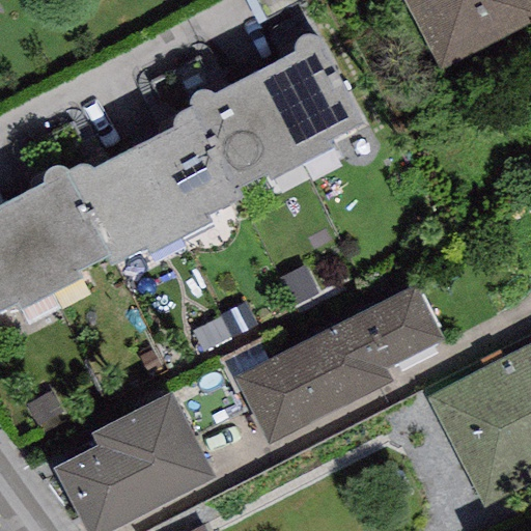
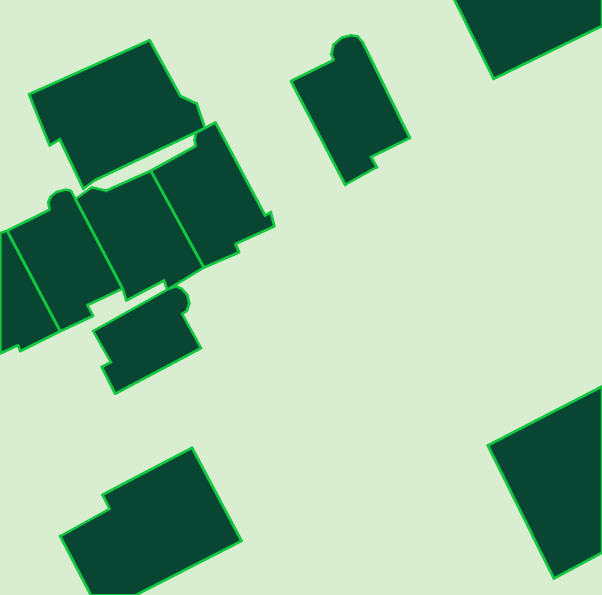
building: none -> [29,40,205,189]
building: [188,72,304,190] -> none
building: none -> [93,286,201,394]
building: [236,286,443,442] -> none

